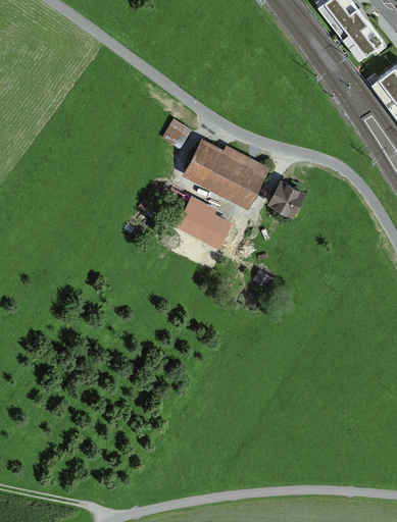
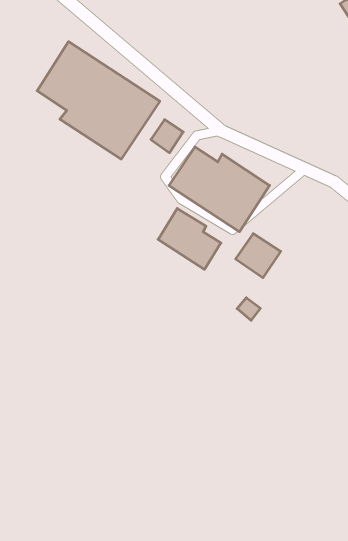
building: none -> [37,42,160,159]
building: [266,179,305,217] -> [236,234,281,278]

